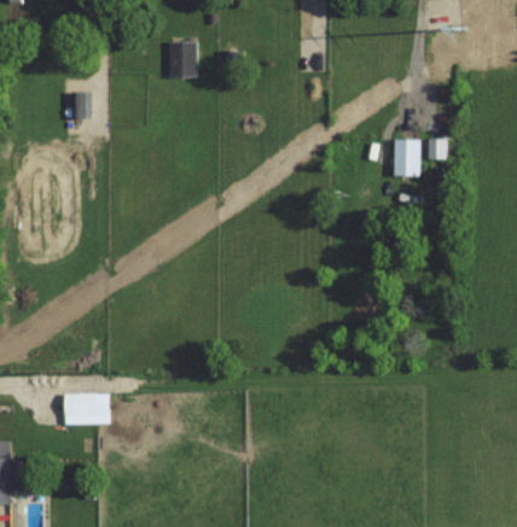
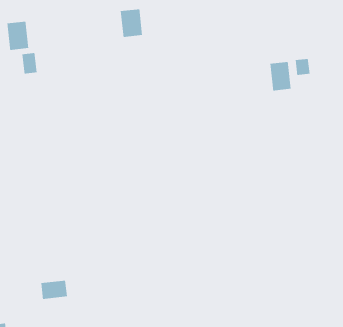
building: [170,42,197,77] -> [120,9,143,37]
building: none -> [7,21,29,51]

